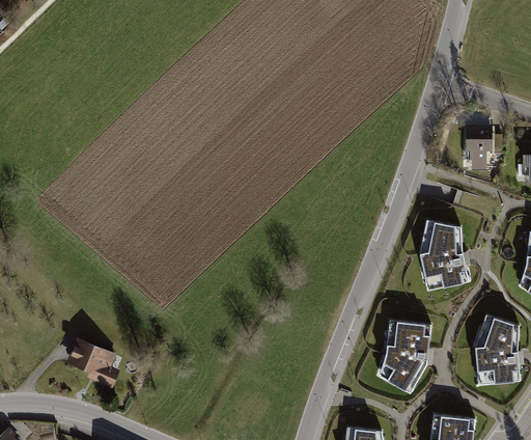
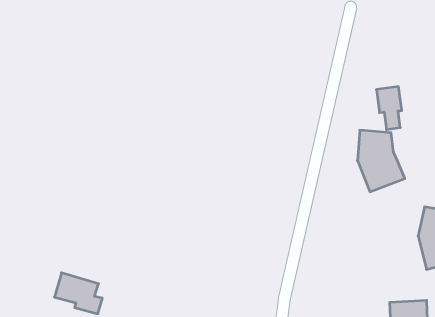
building: [467,125,492,170] -> [376,87,402,130]
building: [380,321,430,391] -> none

